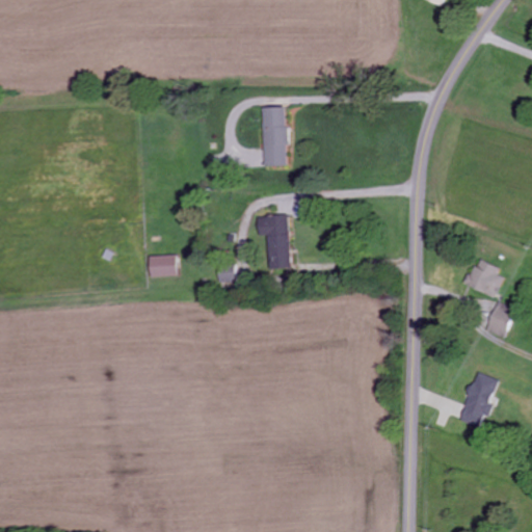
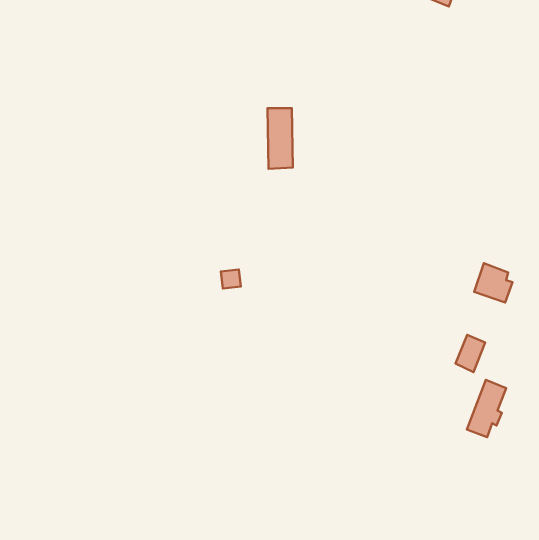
building: [257,215,289,268] -> none
building: [148,255,176,276] -> none
building: [484,301,513,338] -> [456,335,485,372]

